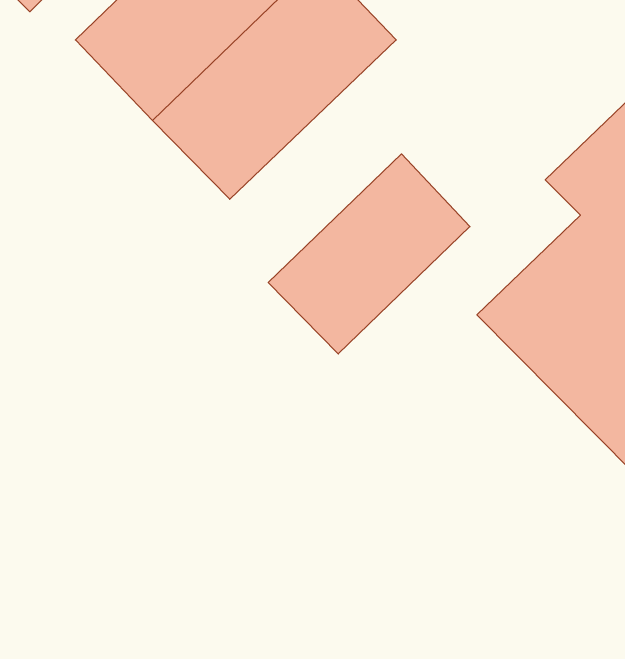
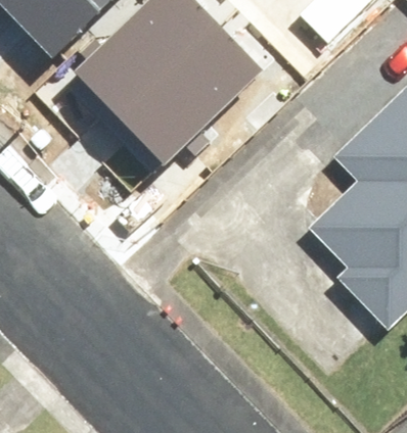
building: [268,154,470,354] -> none

